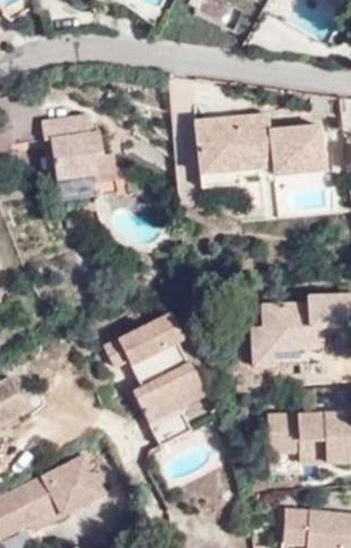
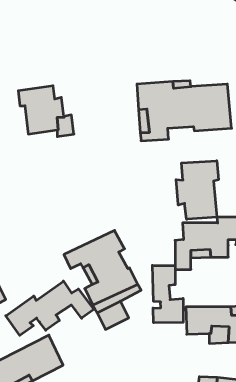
building: none -> [176,161,218,219]
building: none -> [152,265,183,323]
building: none -> [6,281,94,335]

